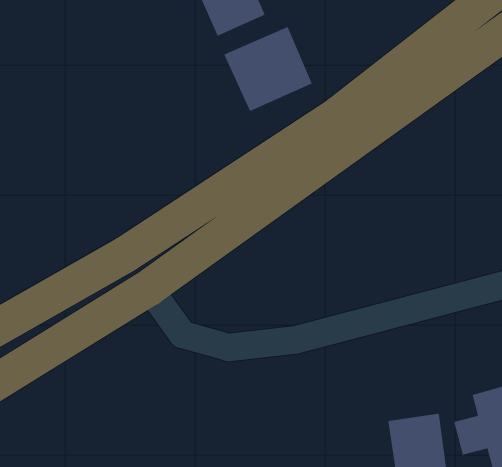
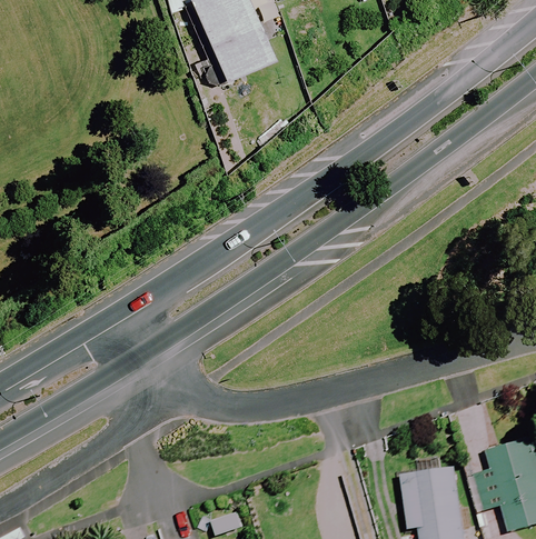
building: [224,26,313,112] -> none

